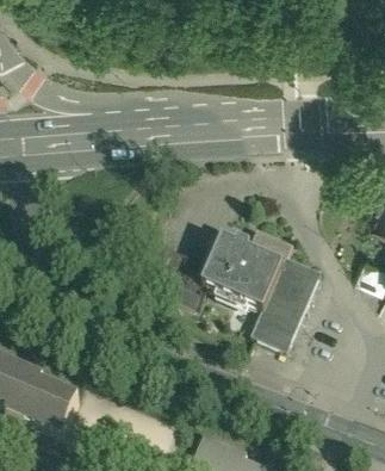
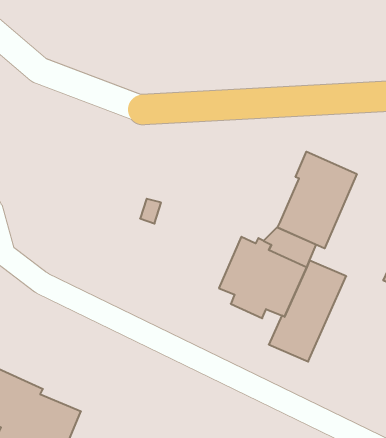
building: none -> [278,152,357,248]

